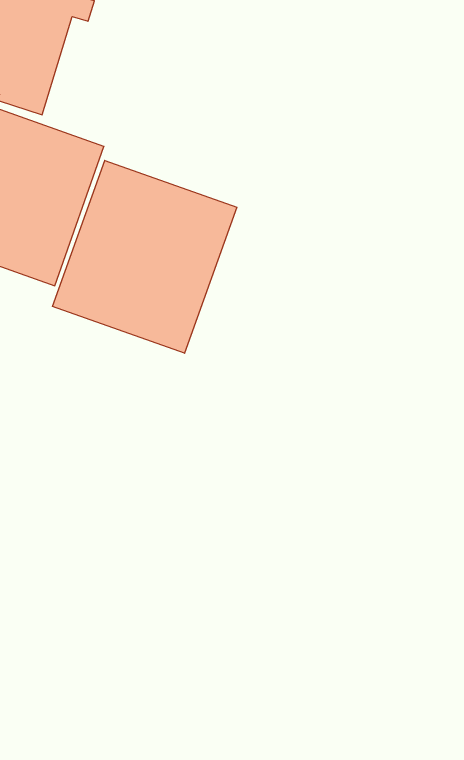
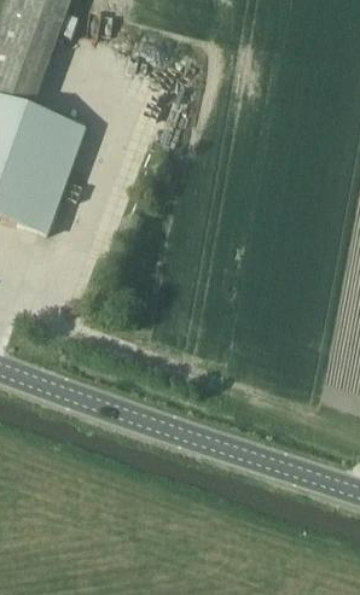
building: [53,160,237,353] -> none

